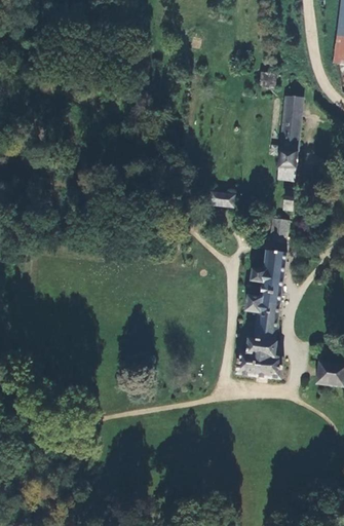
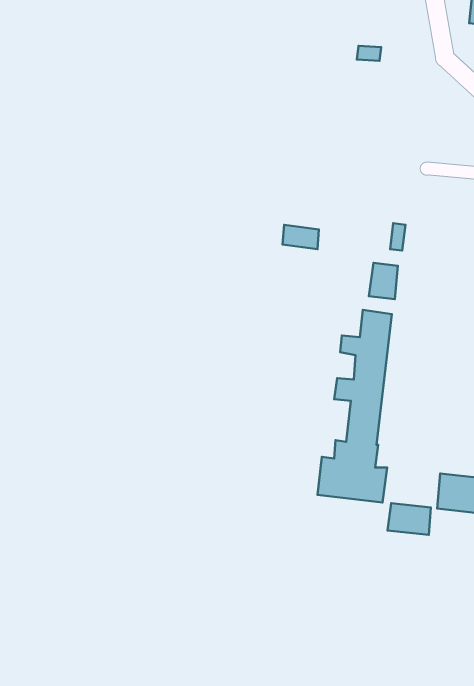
building: [276,93,304,180] -> none
building: none -> [388,503,431,535]

